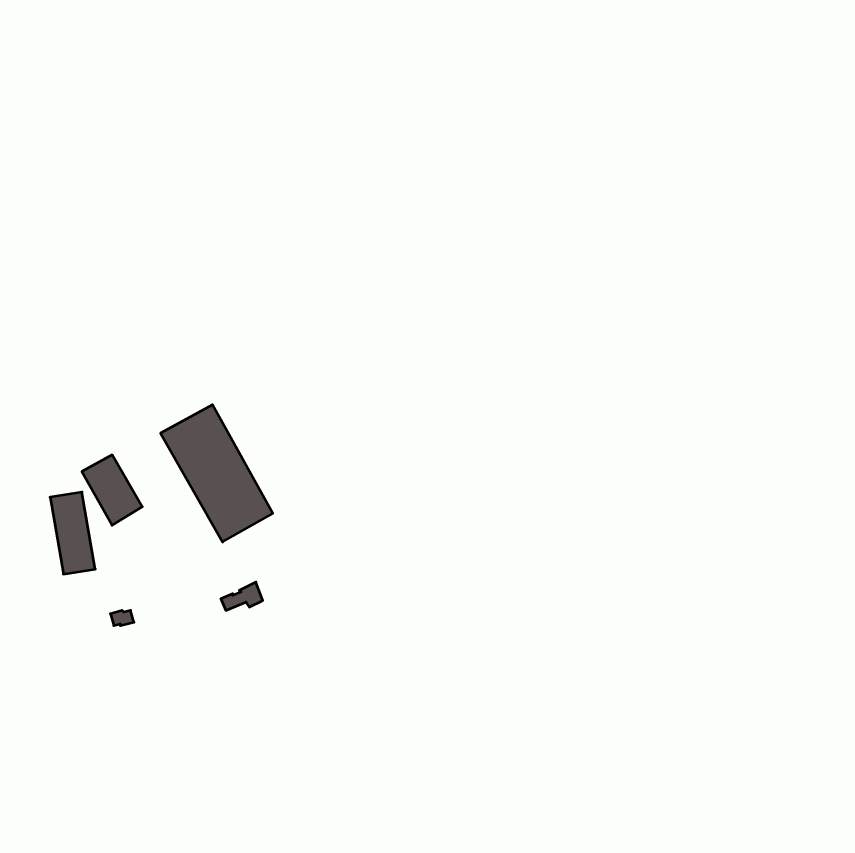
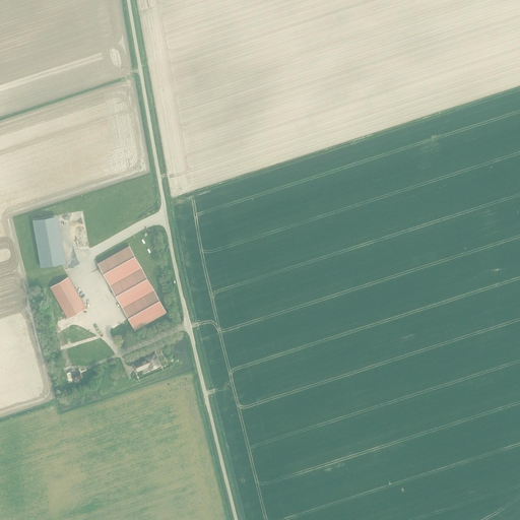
building: [50,492,95,574] -> [34,217,61,267]

